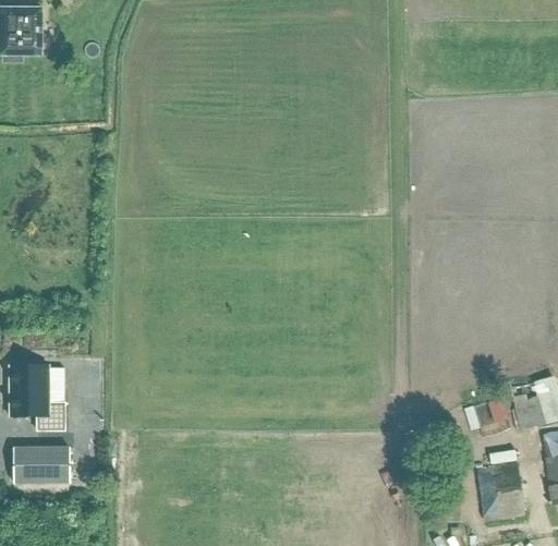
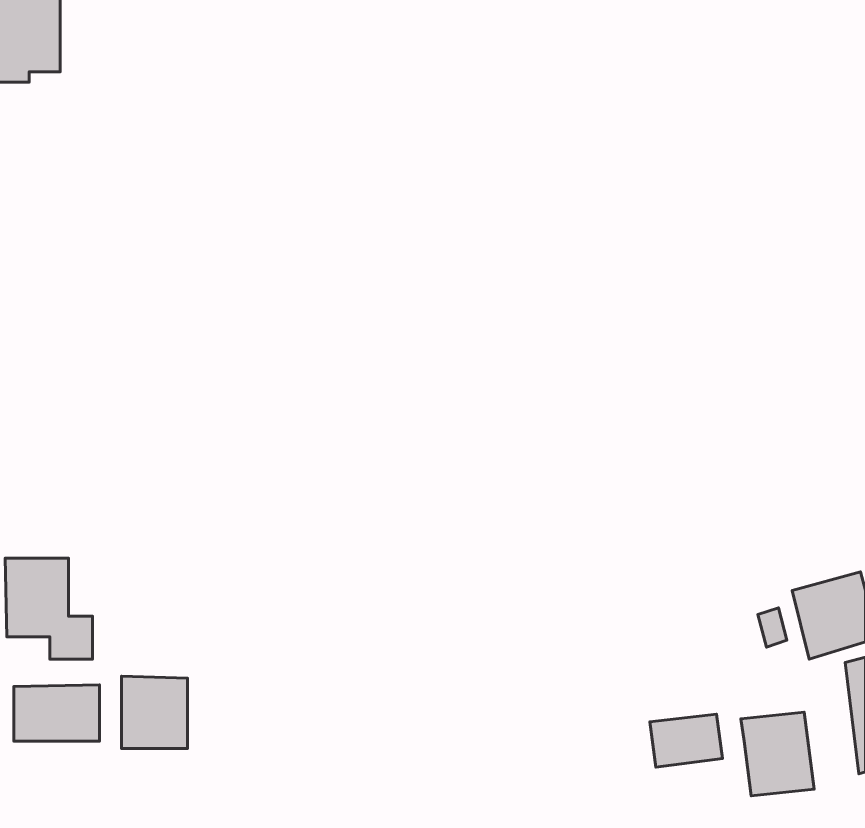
building: none -> [122,676,188,748]
building: none -> [650,714,722,767]

